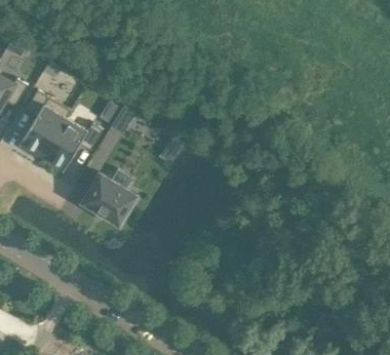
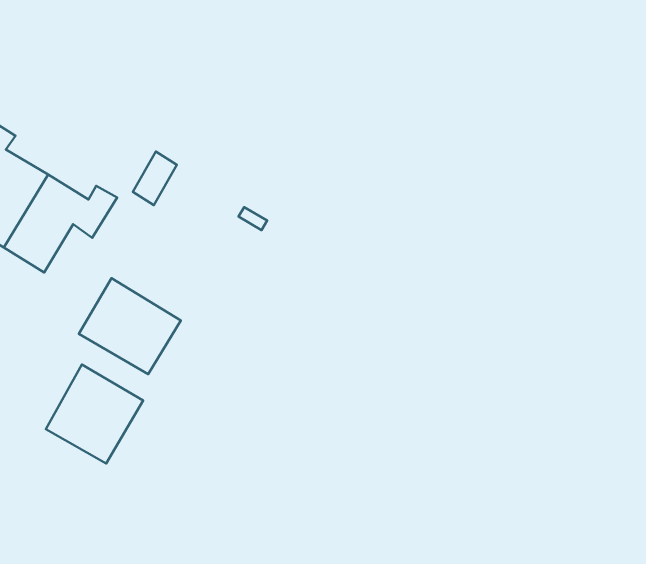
building: none -> [46,365,143,463]

